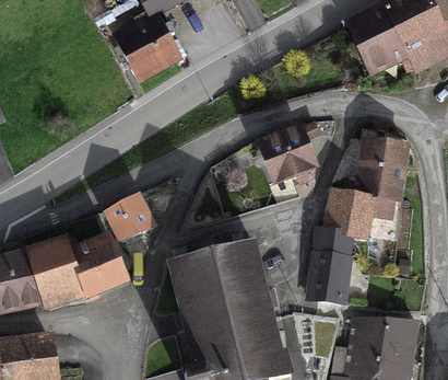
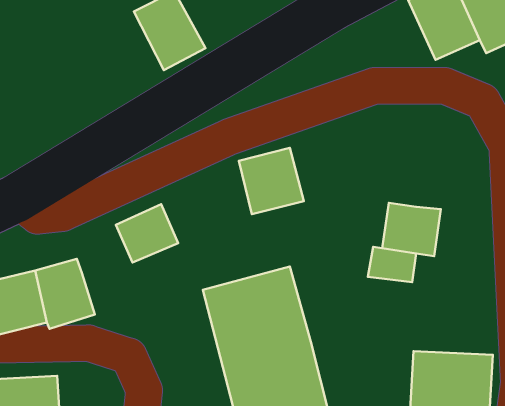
building: [262,130,317,186] -> [239,148,304,214]
building: [354,140,408,201] -> none
building: [73,239,125,292] -> none
building: [308,254,351,298] -> none

